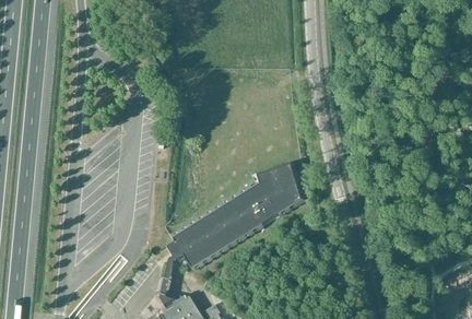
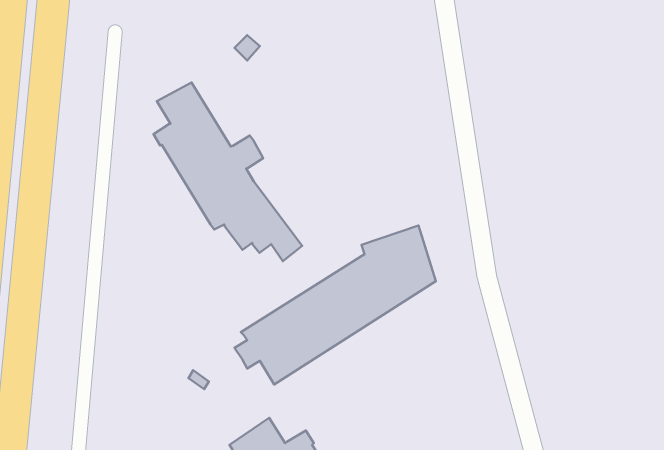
building: none -> [153,82,302,261]

